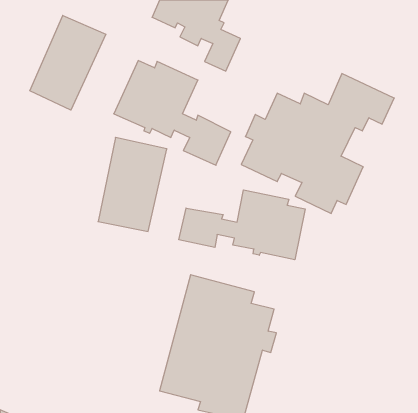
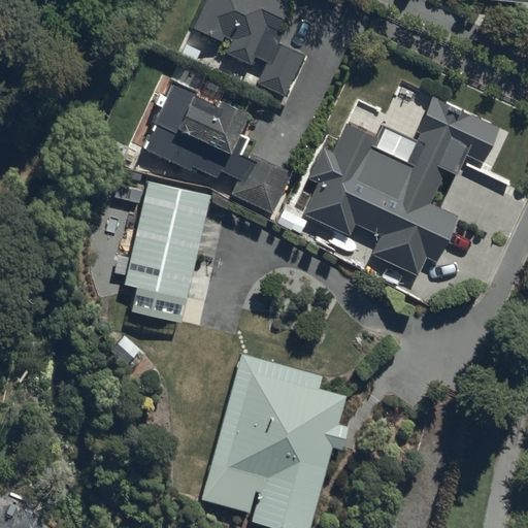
building: [30,15,106,110] -> none
building: [179,190,305,260] -> none

